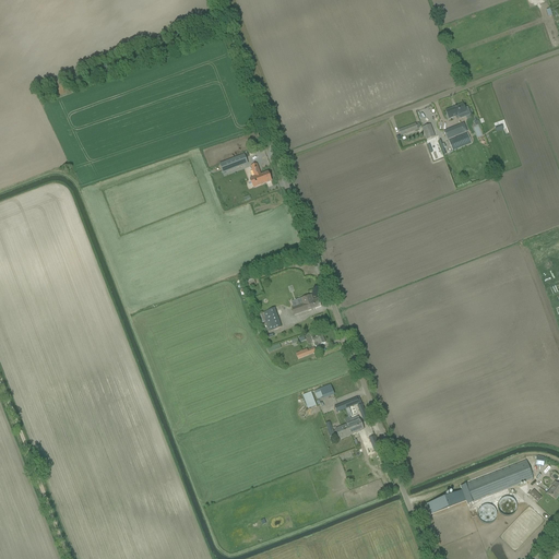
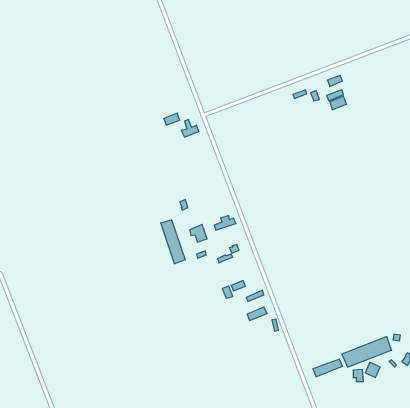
building: none -> [161,220,185,264]

